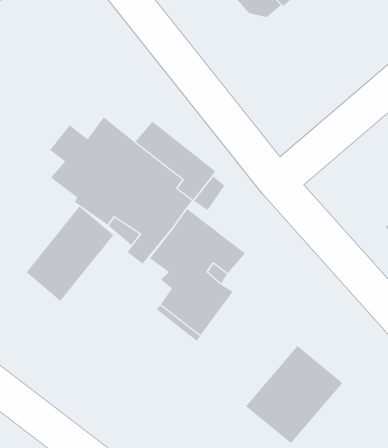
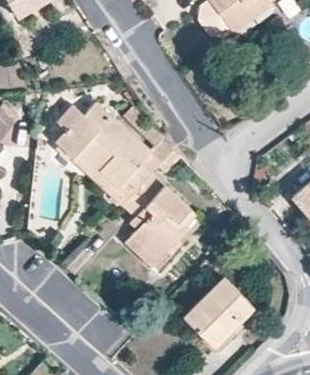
building: [26,206,114,302] -> none

